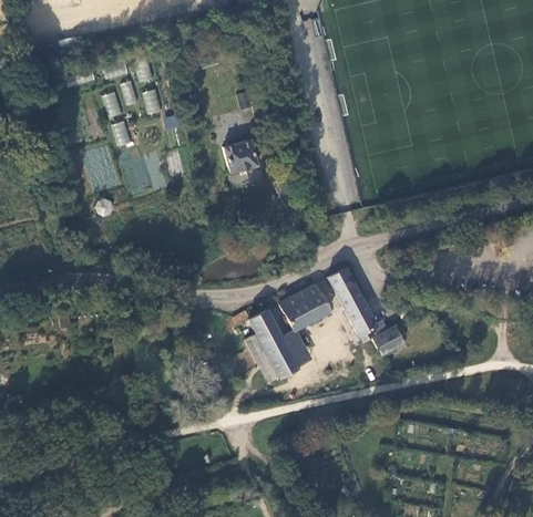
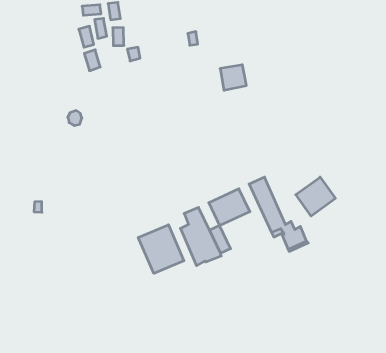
building: [224,139,258,173] -> [220,65,246,90]
building: none -> [296,177,335,216]
building: none -> [138,225,184,273]

